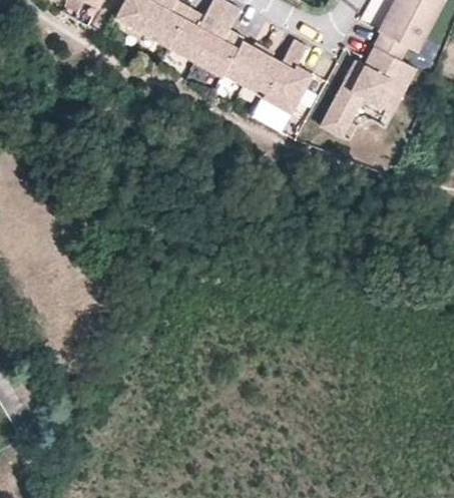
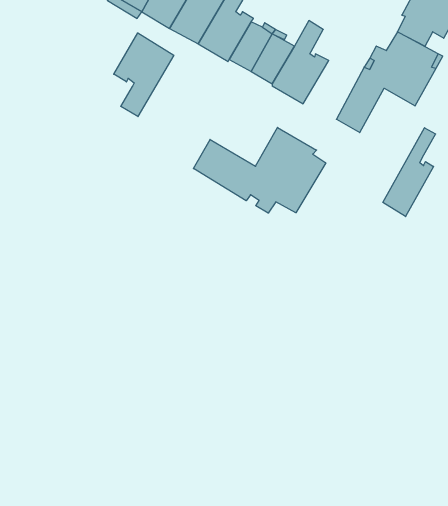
building: none -> [114,33,174,117]
building: none -> [193,127,326,213]
building: none -> [383,128,436,217]

